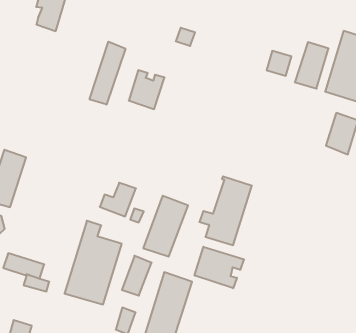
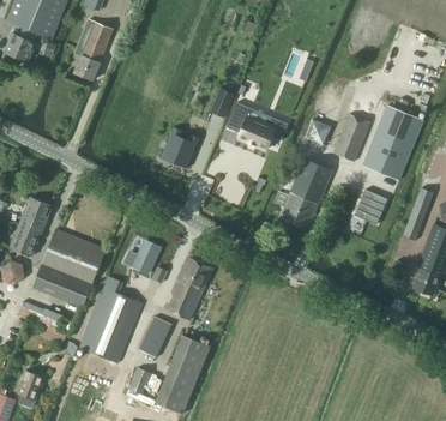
building: none -> [230,102,288,149]
building: [90,42,125,105] -> none
building: [199,176,252,245] -> [273,158,330,229]
building: none -> [31,229,106,307]
building: [195,247,244,288] -> none

